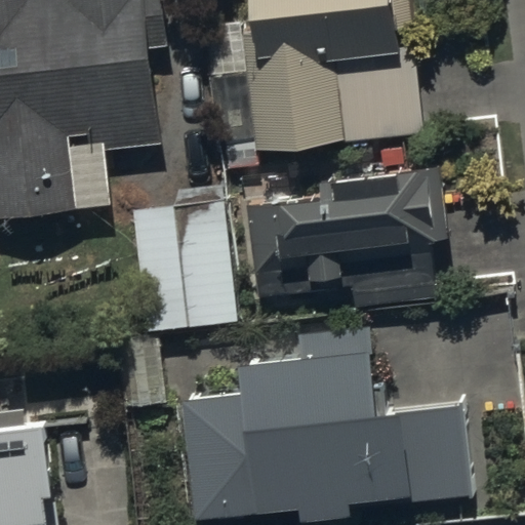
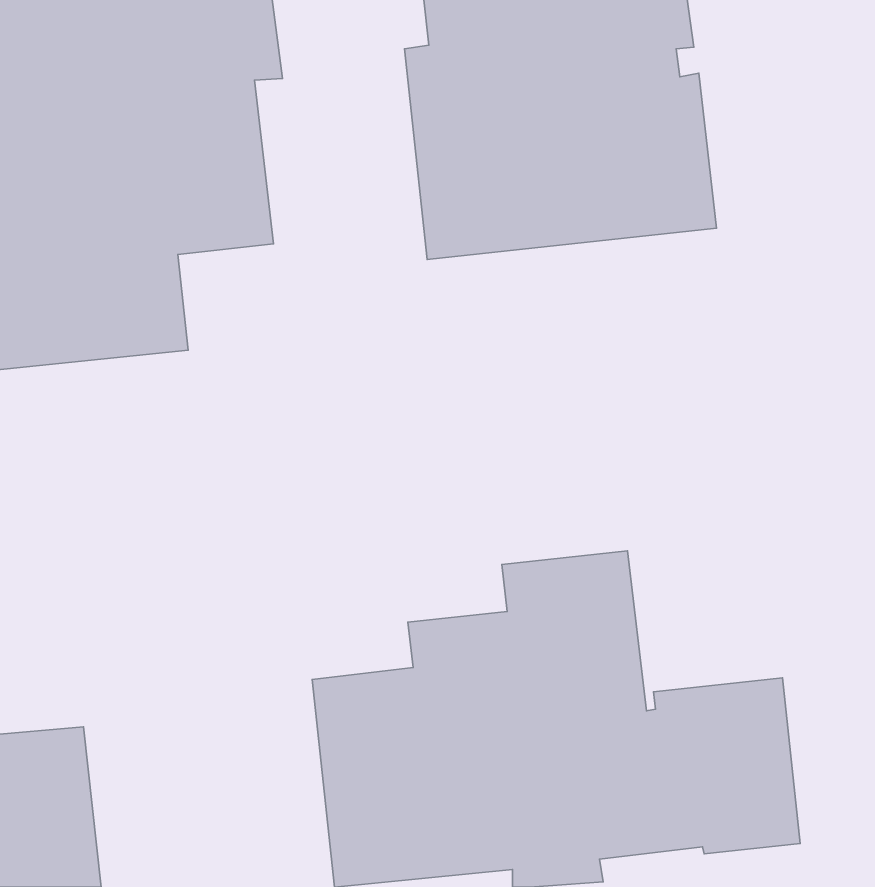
building: [243,166,446,307] -> none
building: [131,198,235,330] -> none

